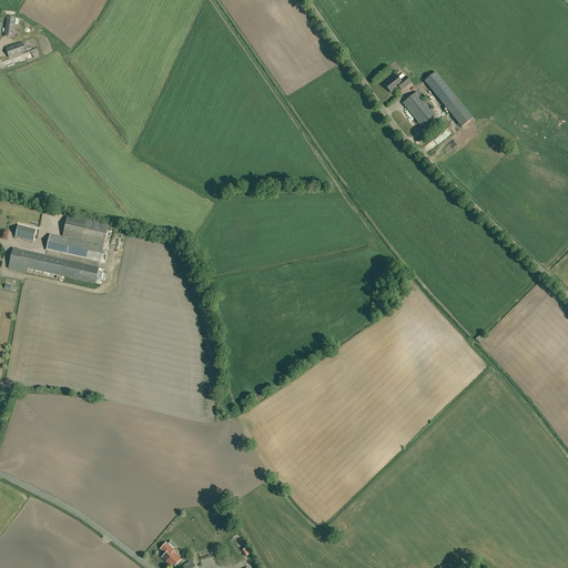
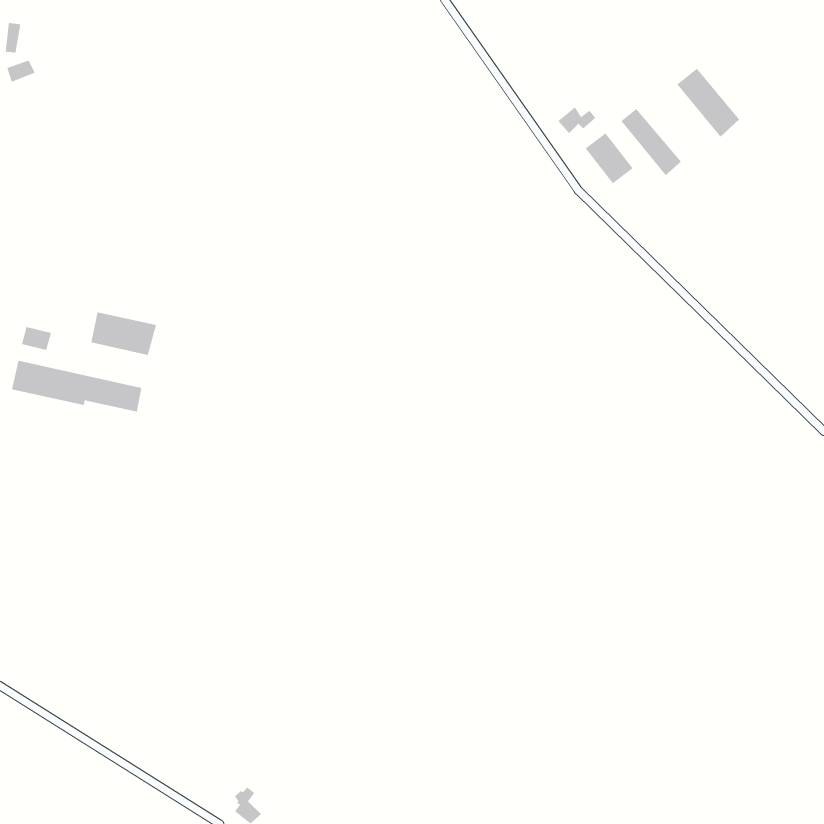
building: none -> [677,68,740,138]
building: [45,234,102,262] -> none

